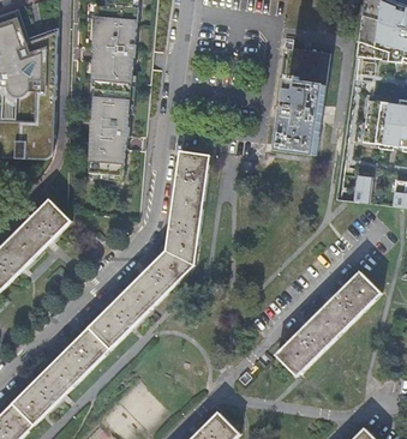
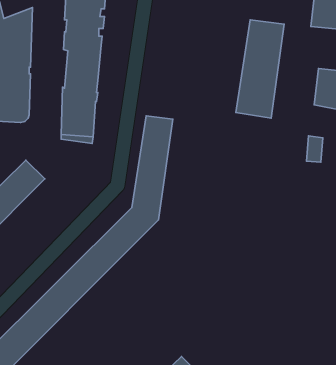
building: [276,272,378,374] -> none

